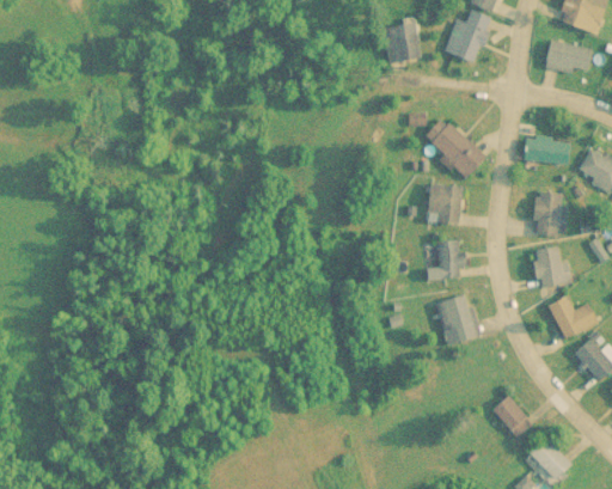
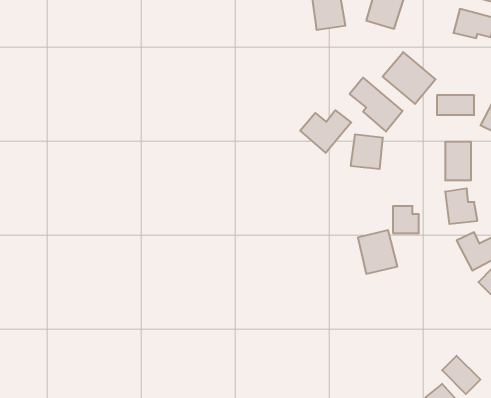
building: none -> [383,52,436,104]
building: none -> [300,110,351,153]
building: [436,242,466,273] -> [393,206,419,233]
building: [491,396,533,439] -> none

